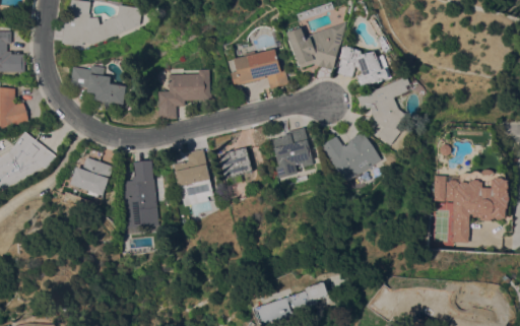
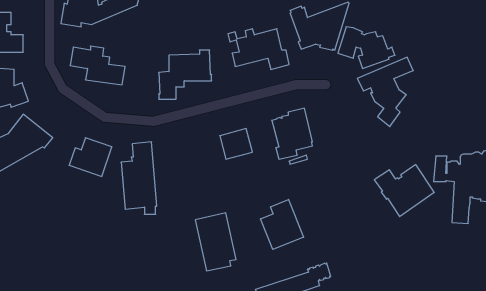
building: [320,131,380,183] -> [374,165,434,217]
building: [172,148,212,206] -> [195,213,236,271]
building: none -> [261,199,304,249]

